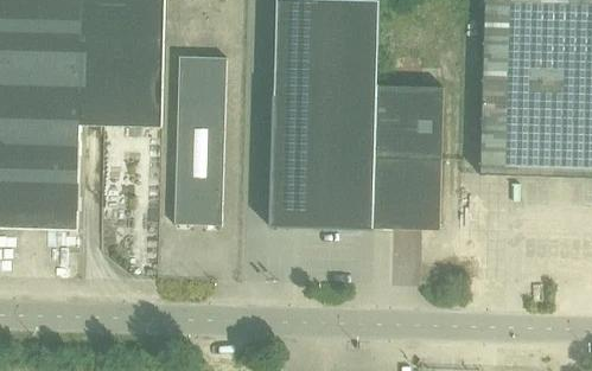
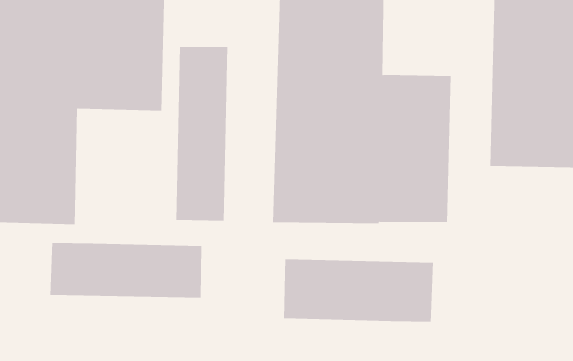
building: none -> [50,242,202,299]
building: none -> [283,258,433,322]

